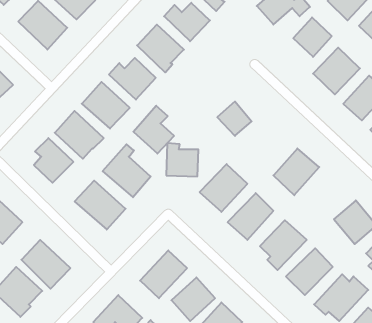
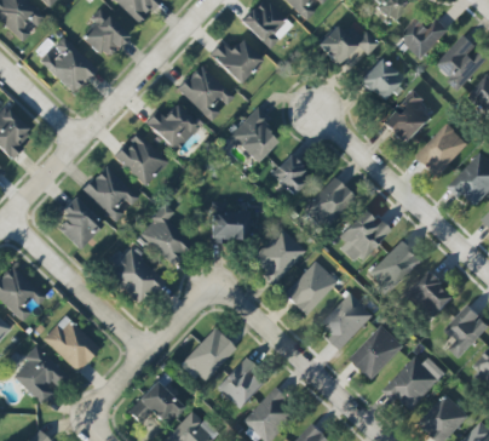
building: [133,106,174,154] -> [229,105,276,161]
building: none -> [299,177,355,233]
building: none -> [366,240,421,294]

